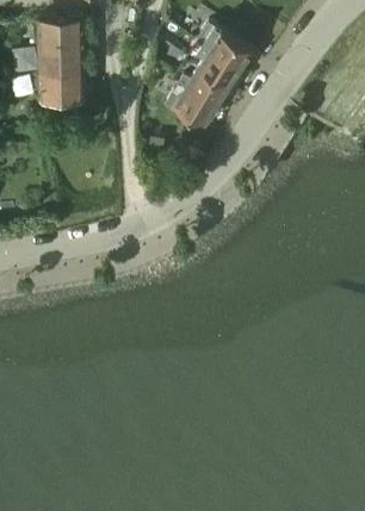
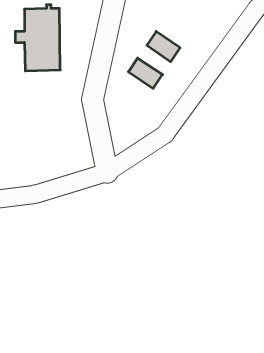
building: [196,24,250,71] -> none
building: [184,68,227,106] -> none

